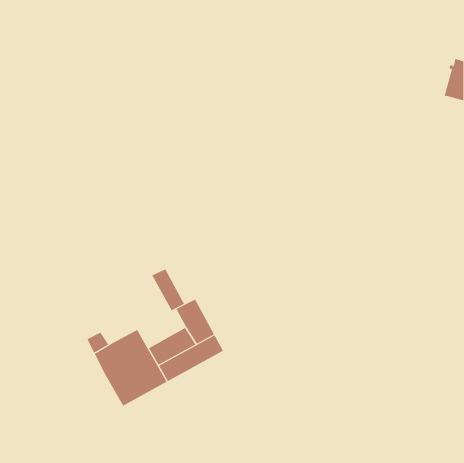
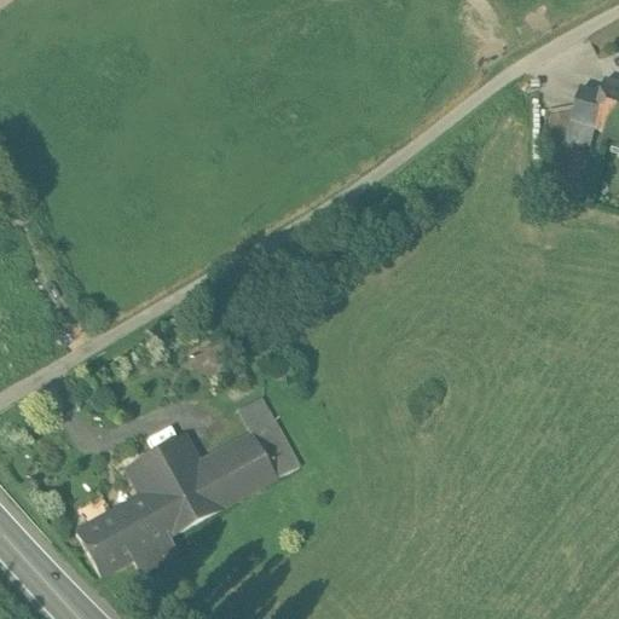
building: none -> [566,86,600,146]
building: [151,269,185,311] -> none
building: none -> [75,497,173,575]

